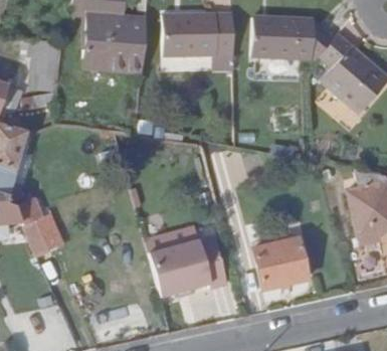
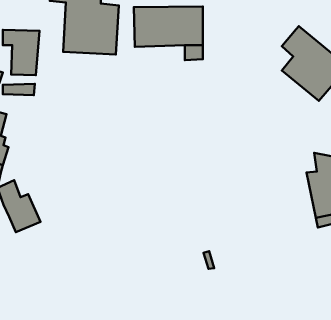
building: [255,19,336,60] -> none
building: [151,237,229,297] -> none
building: [252,239,306,290] -> none

